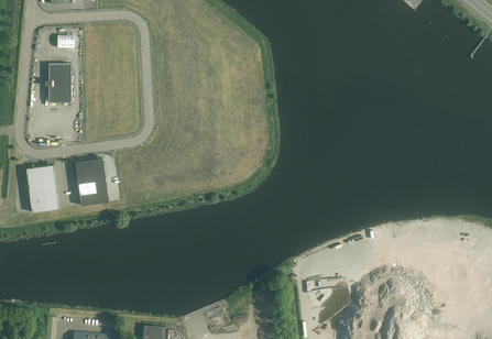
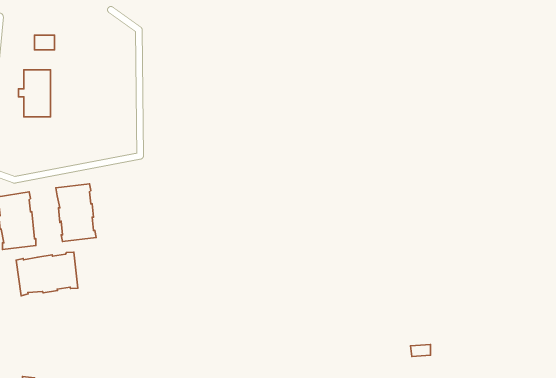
building: none -> [16,252,78,296]

